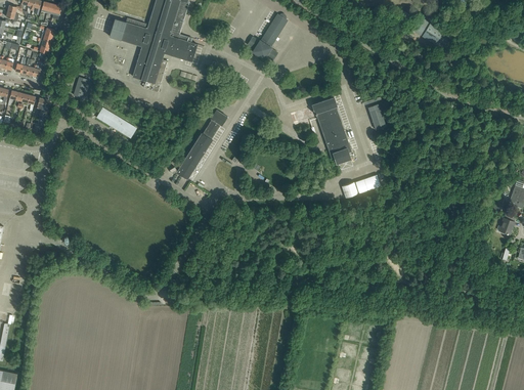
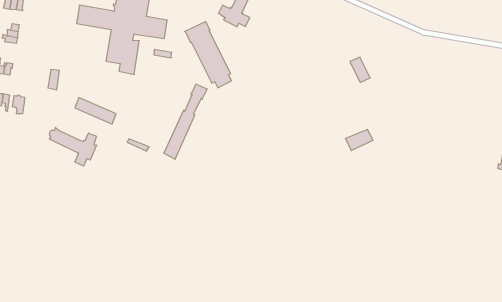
building: [312,97,351,163] -> [185,21,232,88]
building: none -> [49,127,97,166]

